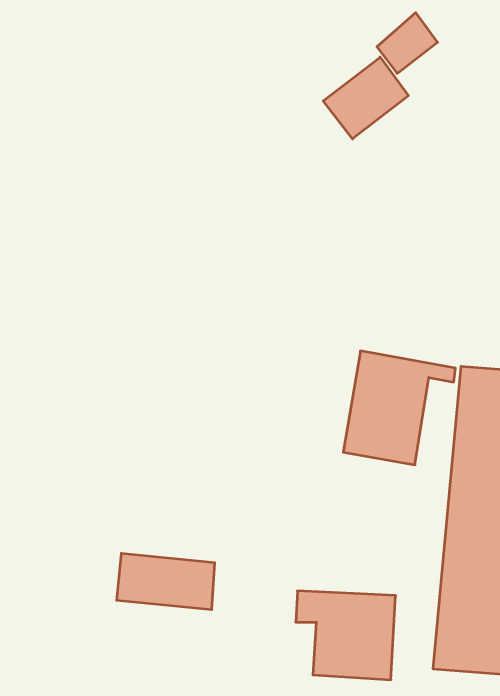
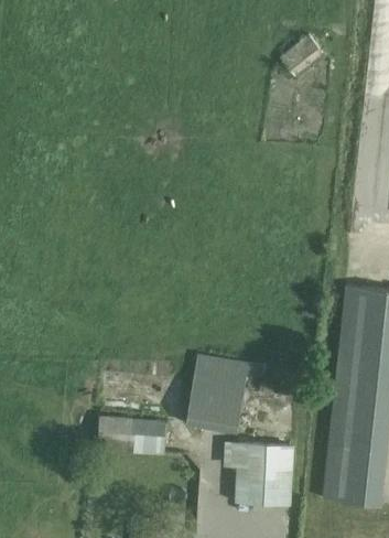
building: [323,57,408,139] -> none
building: [343,351,455,465] -> [188,354,268,434]

